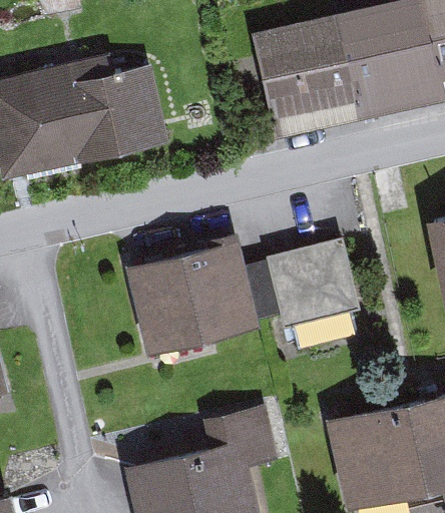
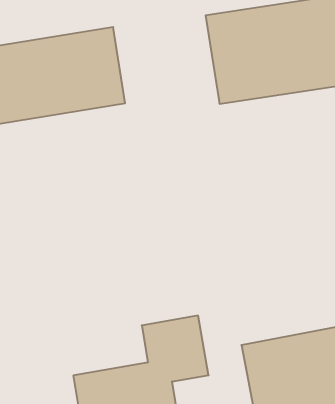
building: [126,237,264,362] -> none
building: [262,237,369,348] -> none

